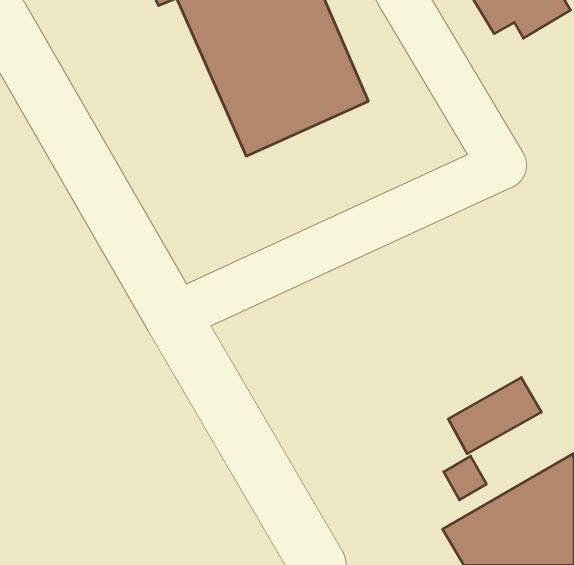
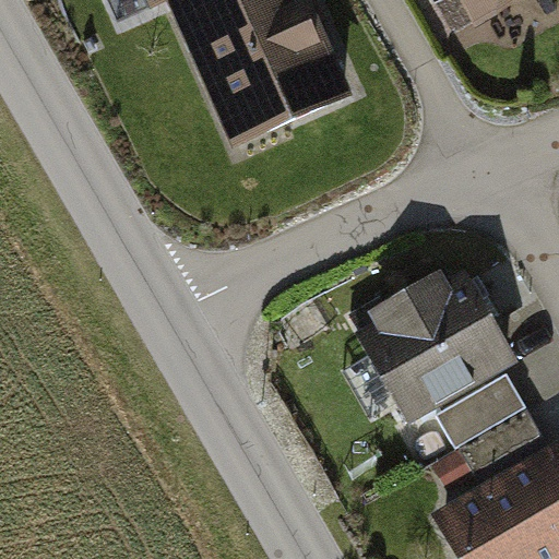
building: none -> [356,264,515,415]

